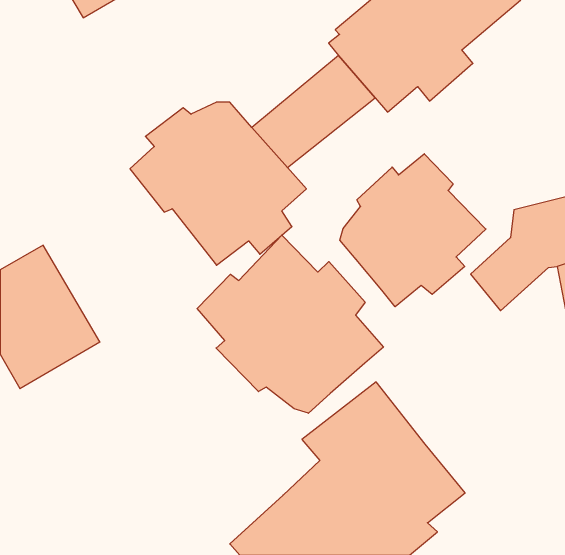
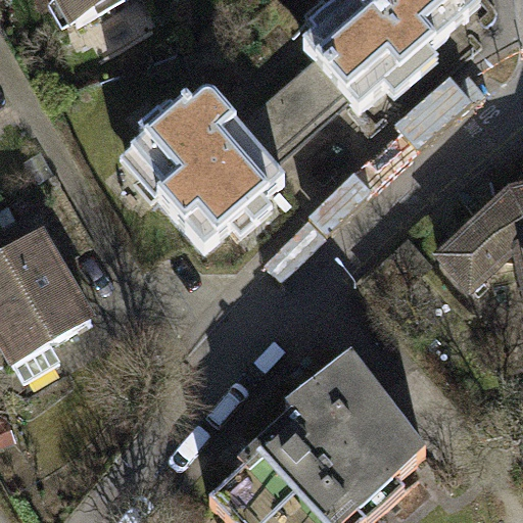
building: [340,154,486,307] -> none
building: [197,235,383,413] -> none

